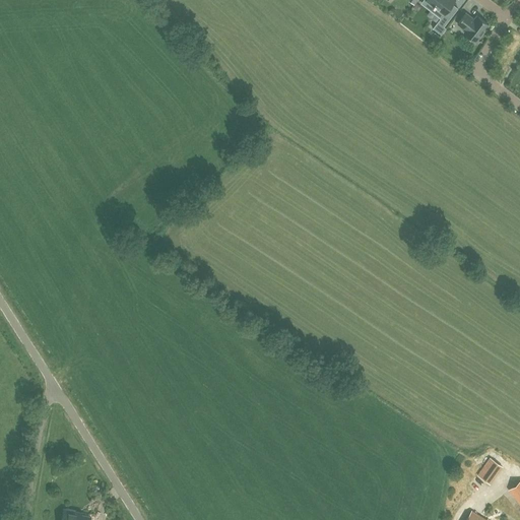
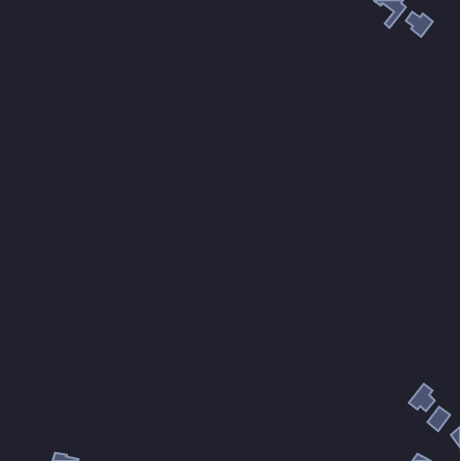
building: none -> [409,384,435,411]

